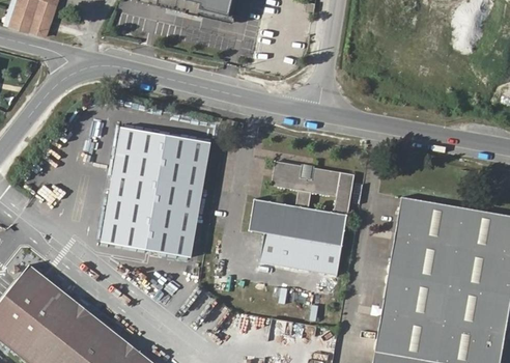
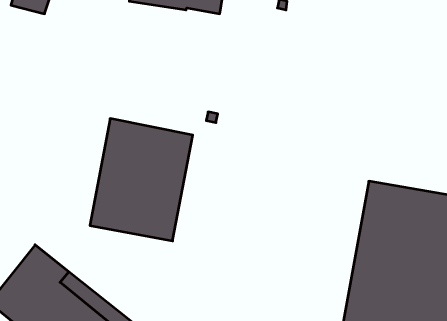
building: [10,8,52,35] -> none
building: [250,159,353,272] -> none

